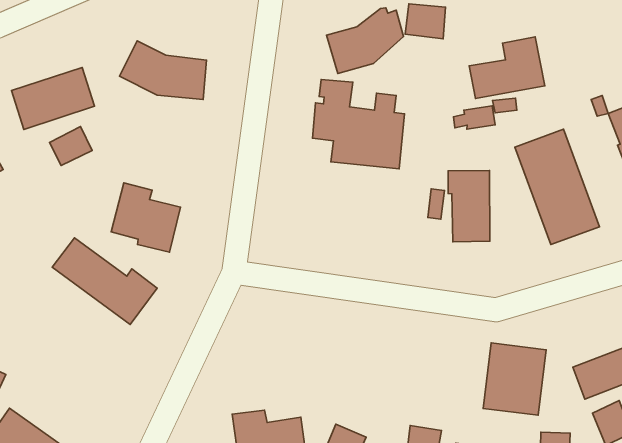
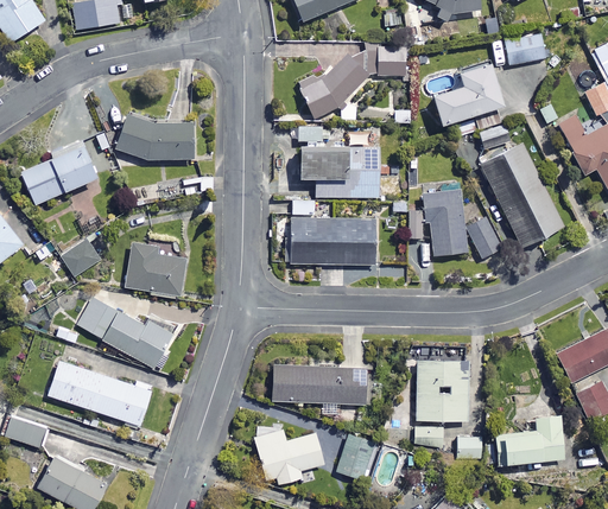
building: none -> [504,34,545,66]
building: [454,106,495,129] -> [471,127,509,151]
building: [49,127,92,165] -> [63,238,102,275]
building: none -> [290,201,375,266]
building: none -> [466,218,500,260]
building: none -> [50,360,153,425]
building: none -> [273,363,367,405]
building: [483,343,546,415] -> [417,362,467,421]

